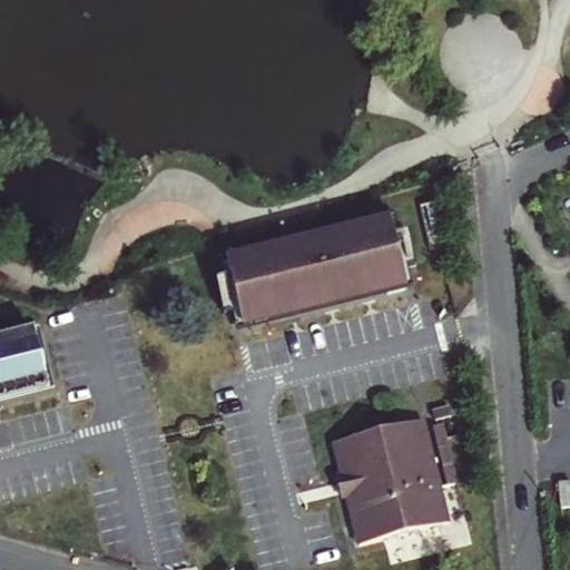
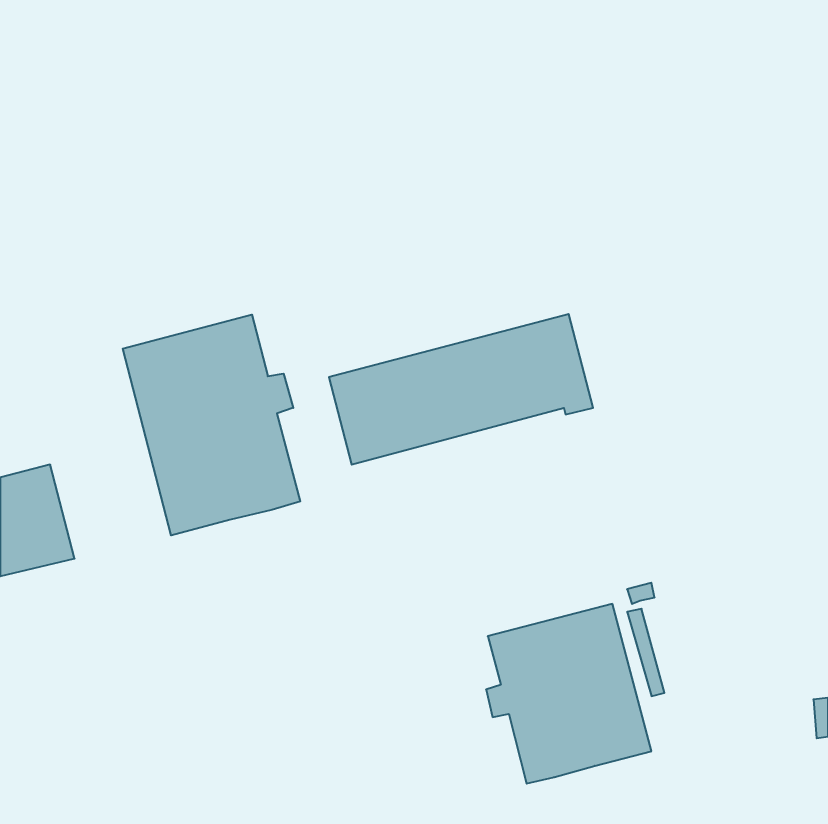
building: none -> [123,315,300,535]

